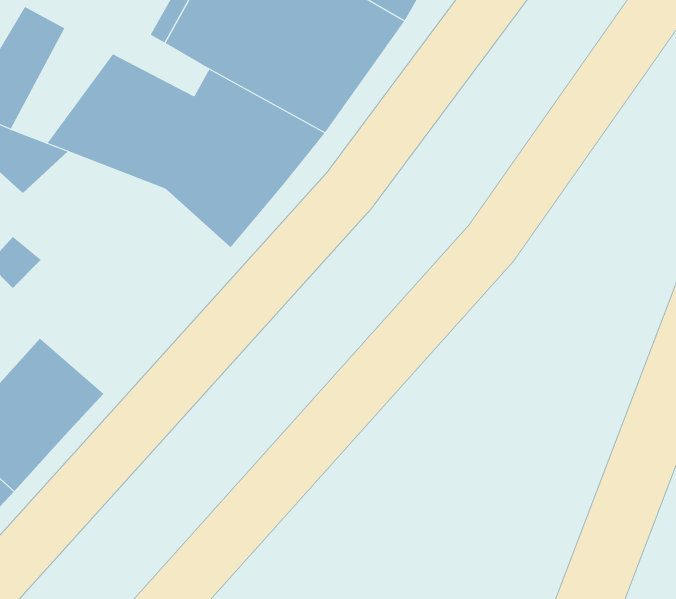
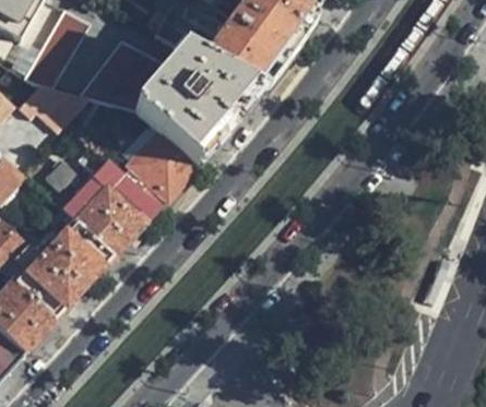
building: none -> [119,127,197,203]
building: none -> [59,164,154,258]

